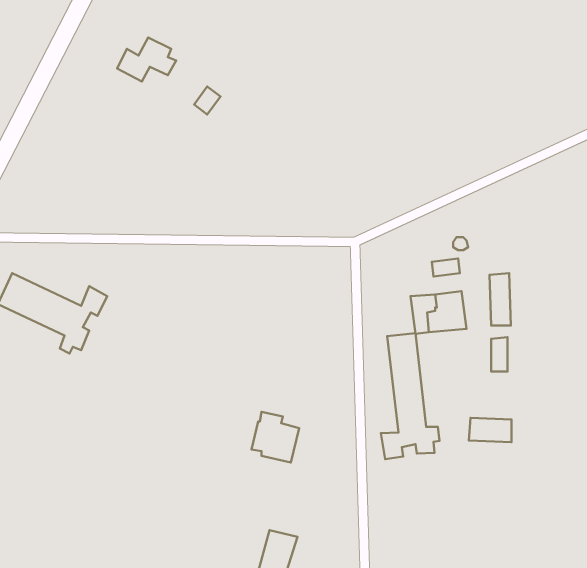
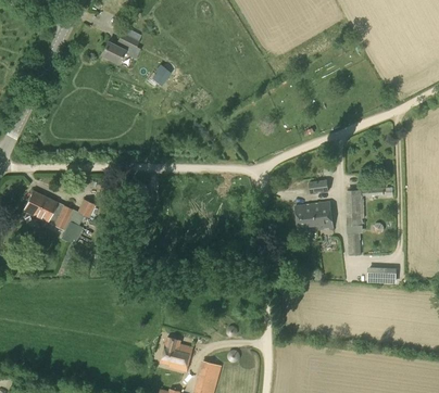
building: [381,333,440,459] -> none
building: [252,412,299,462] -> [161,337,192,370]
building: [469,418,511,442] -> [367,267,396,283]

